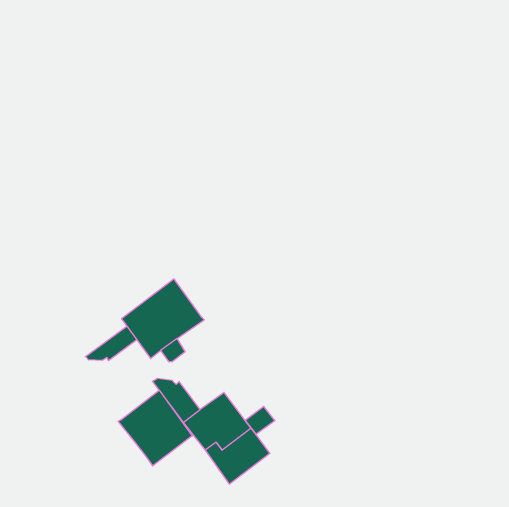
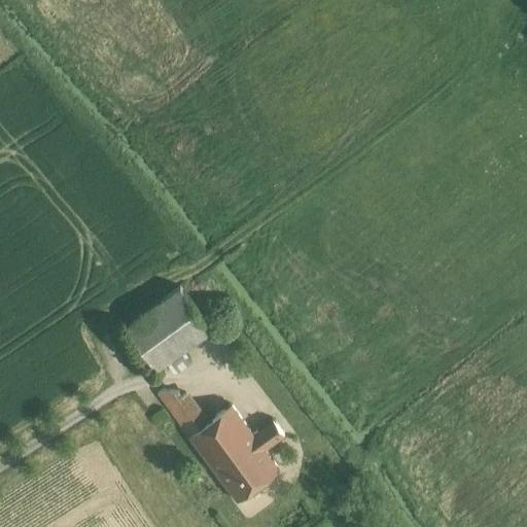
building: [85,326,137,361] -> none
building: [118,390,192,466] -> none

